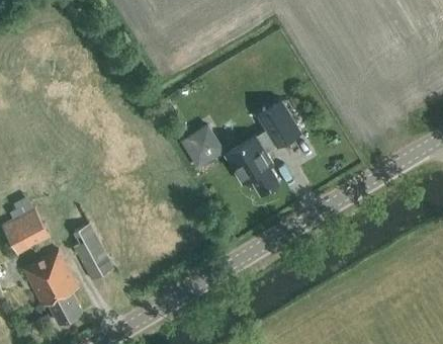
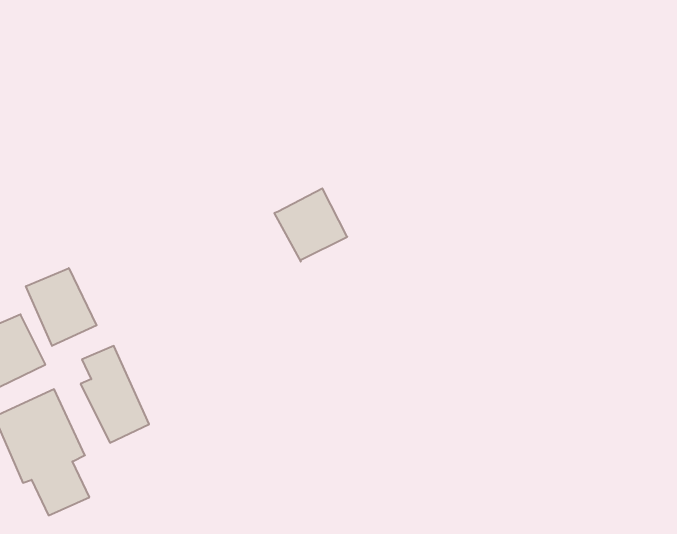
building: [225,100,299,192] -> none
building: none -> [26,268,97,346]

